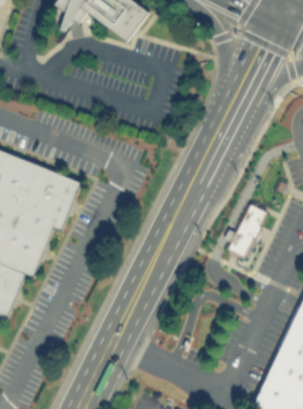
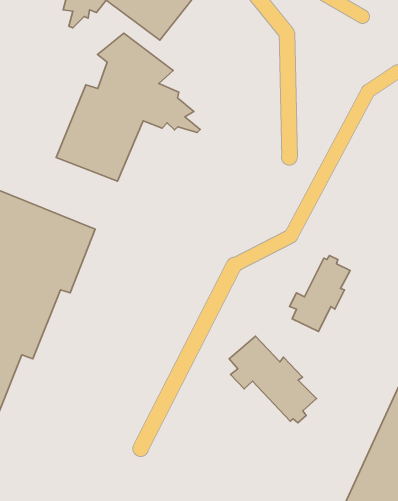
building: none -> [56,33,200,181]
building: none -> [229,336,317,423]

